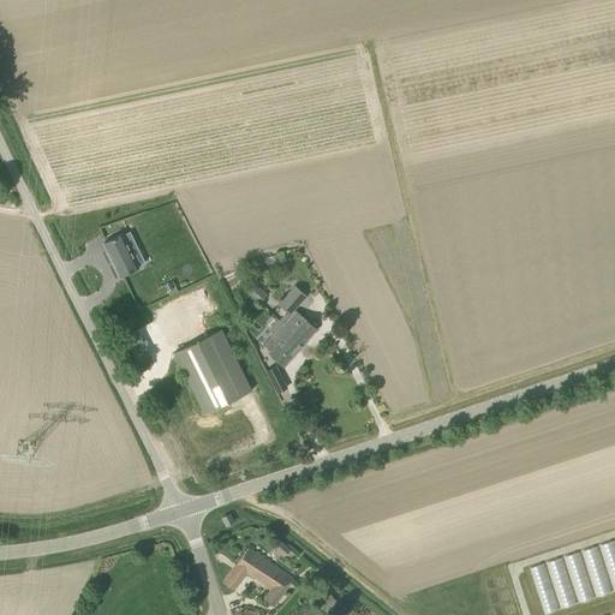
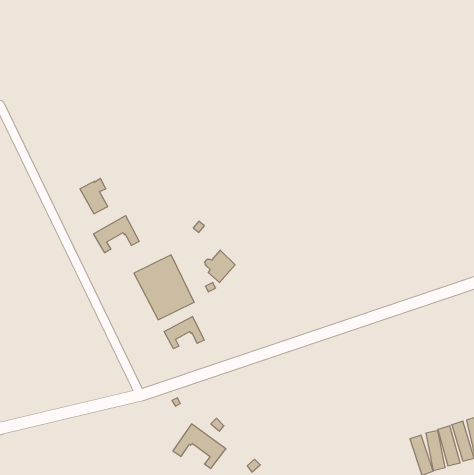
building: none -> [94,216,139,253]
building: [281,285,317,342] -> none
building: none -> [164,316,204,349]

